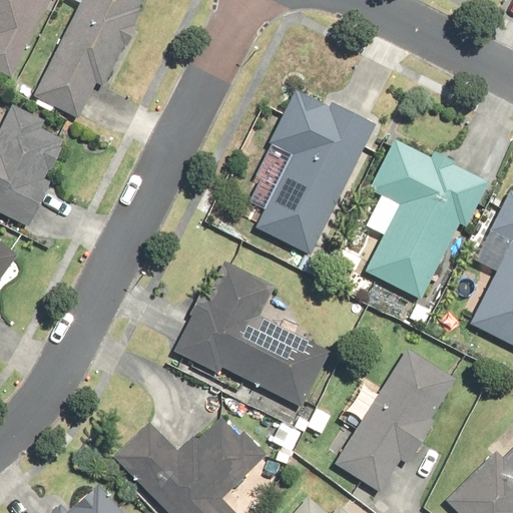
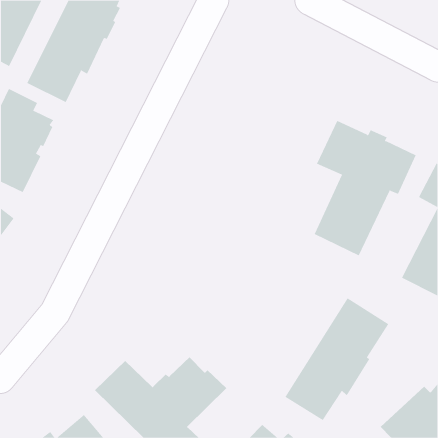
building: [254,90,377,255] -> none
building: [173,261,329,406] -> none

